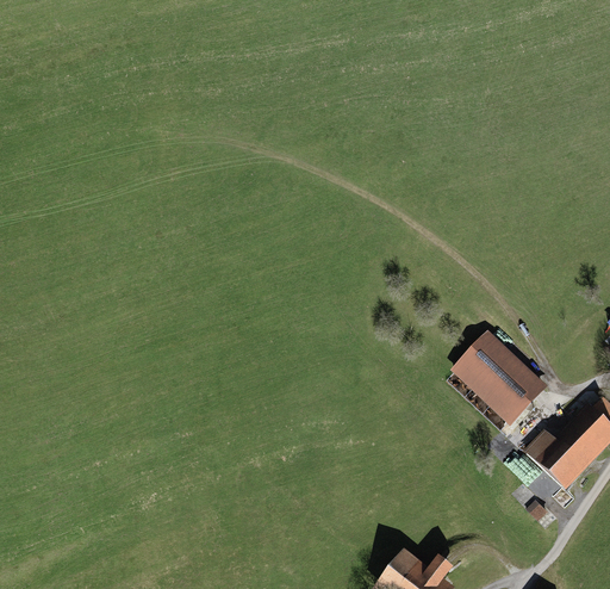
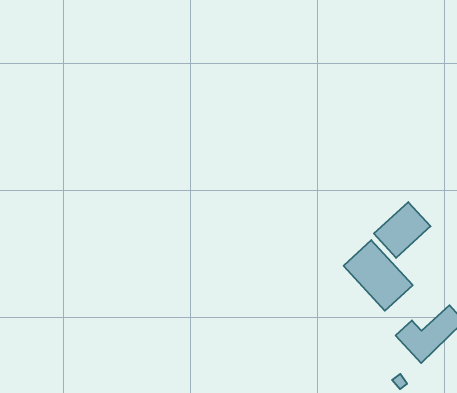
building: none -> [374,202,431,258]

